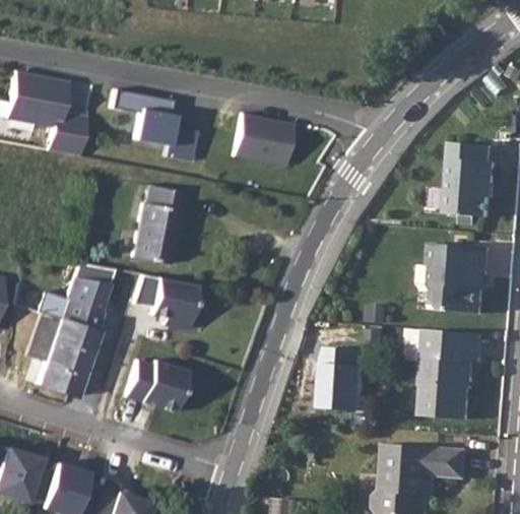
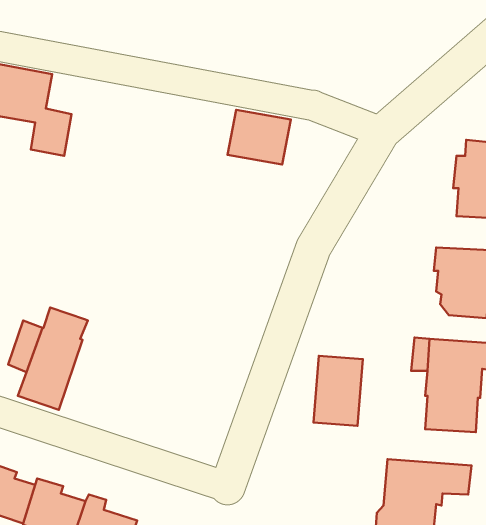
building: [112,89,197,162] -> none
building: [132,186,180,265] -> none
building: [66,264,115,312] -> none
building: [134,275,199,330] -> none
building: [127,359,189,410] -> none

